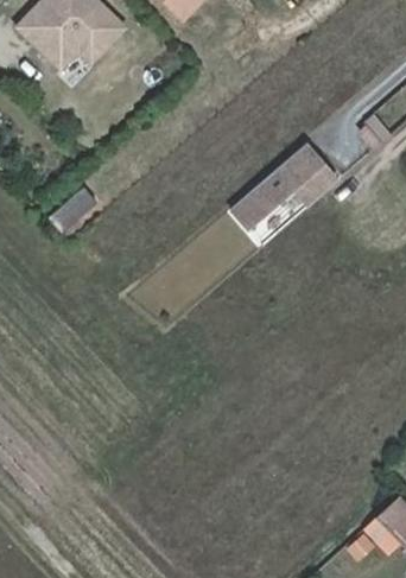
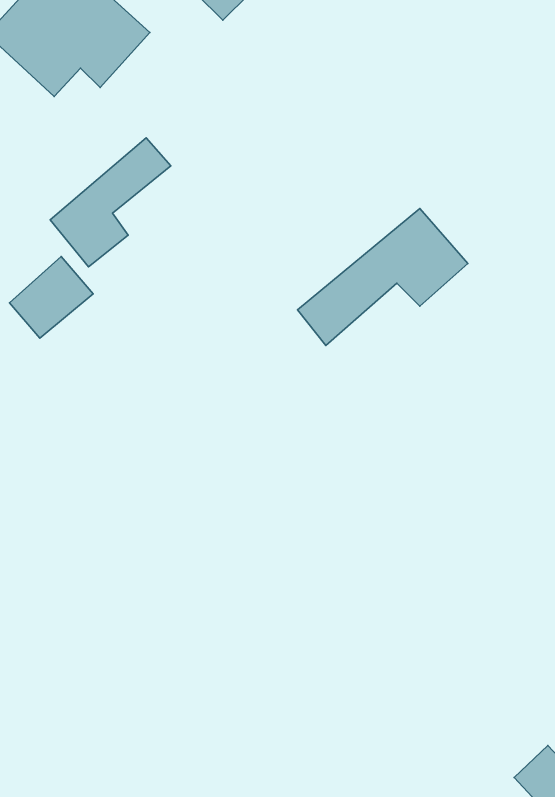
building: none -> [50,138,171,267]

